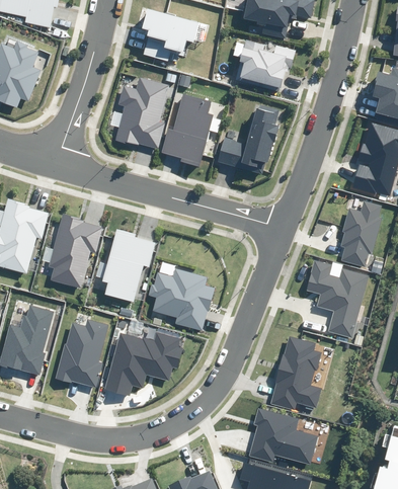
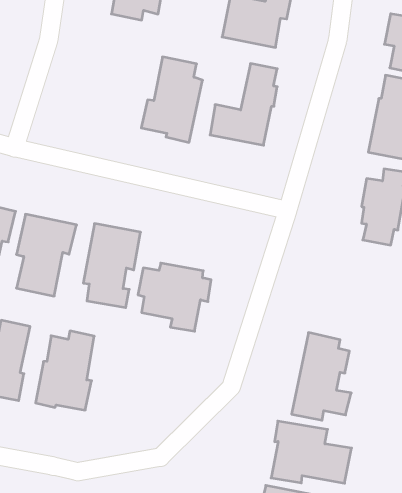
building: [115,77,169,149] -> none
building: [307,260,368,338] -> none
building: [105,332,183,396] -> none

